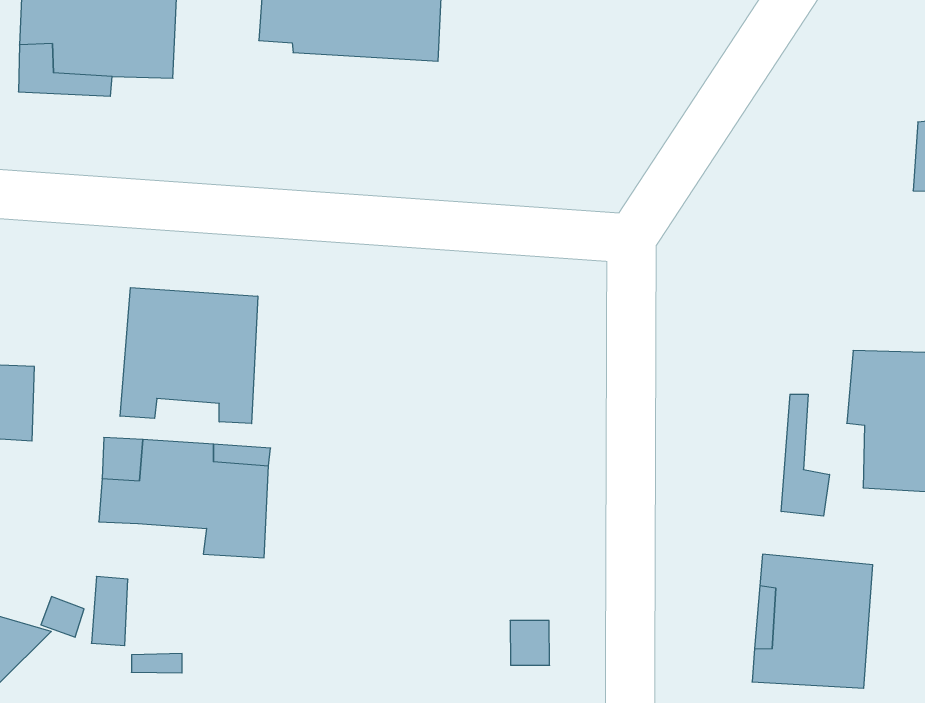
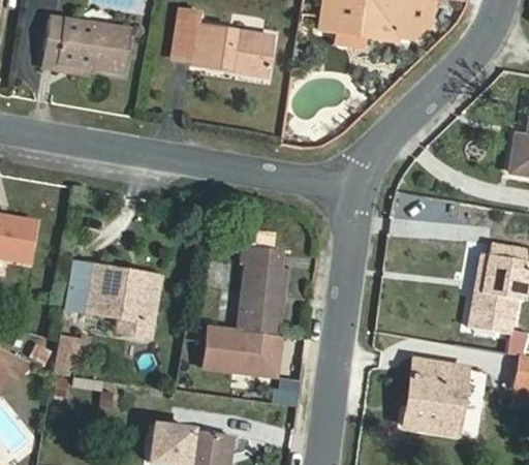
building: [120,288,258,424] -> none
building: none -> [200,248,288,375]
building: [781,394,829,516] -> none

